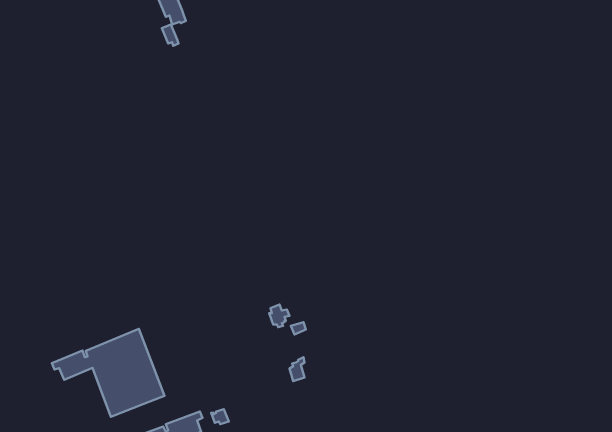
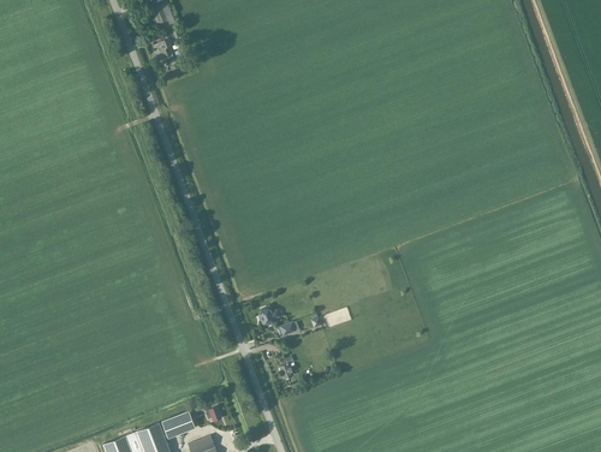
building: [52,329,164,417] -> none

